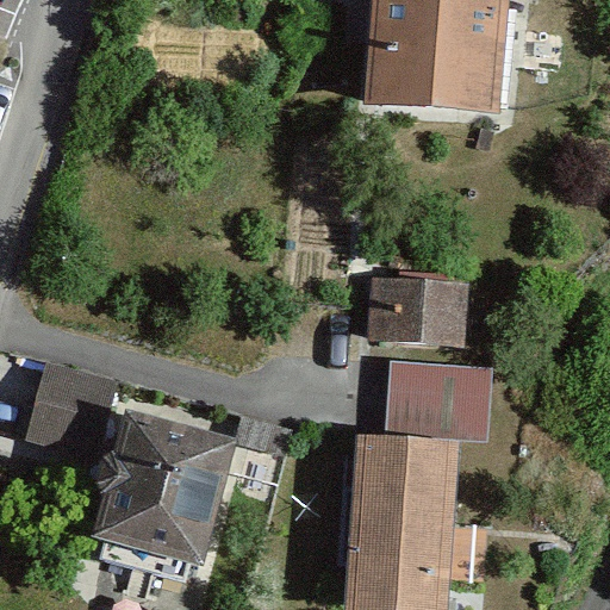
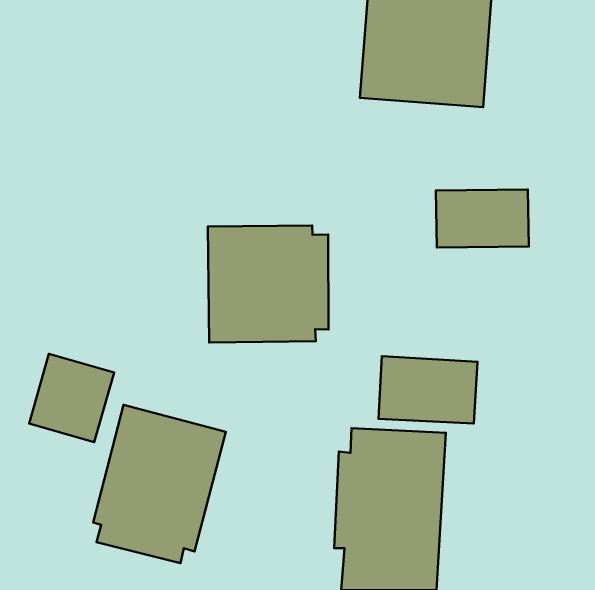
building: none -> [208,226,328,343]
building: [371,281,466,341] -> [436,189,529,248]

